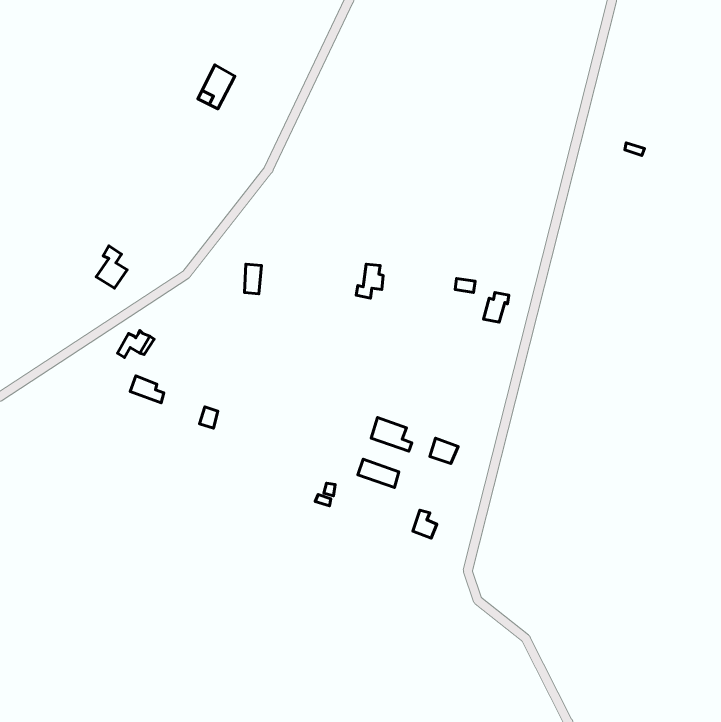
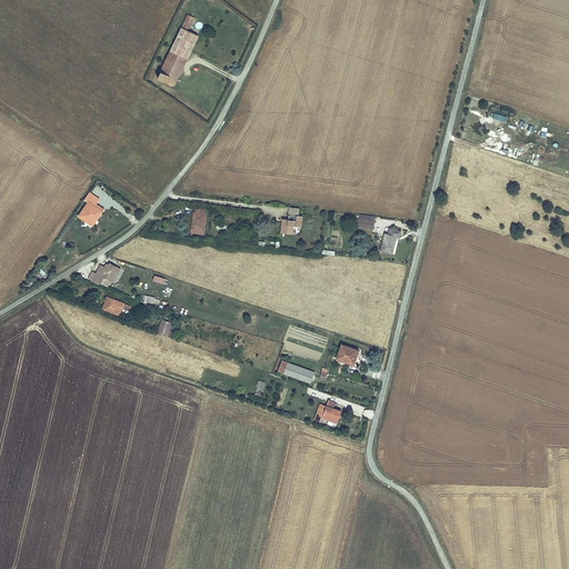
building: none -> [169,16,197,60]
building: [371,417,412,451] -> none

